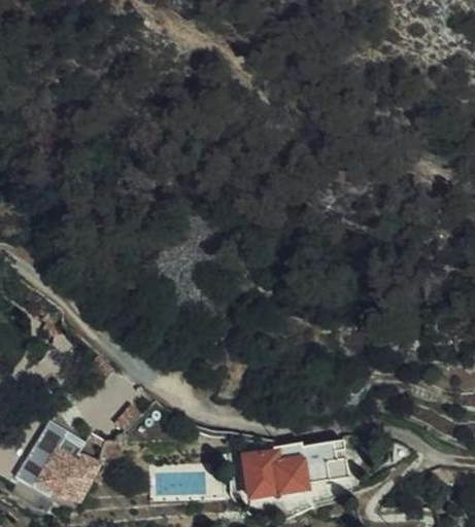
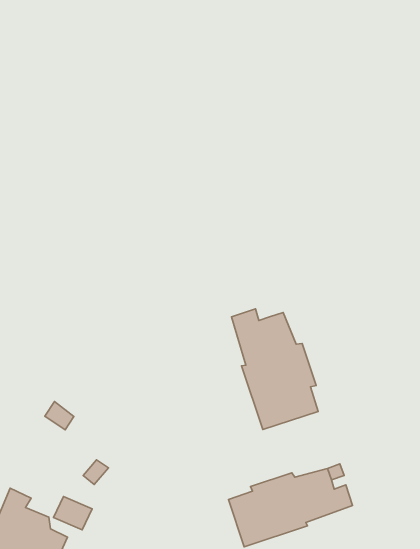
building: none -> [231,309,318,430]

